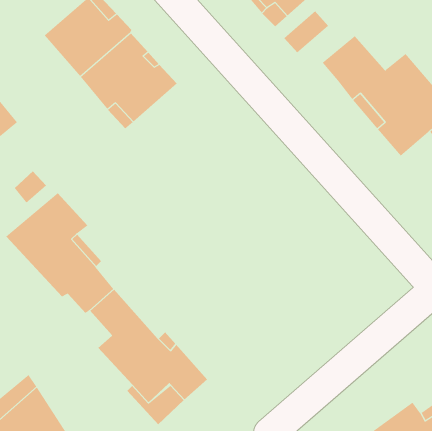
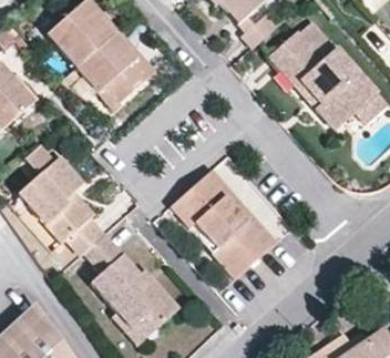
building: none -> [173,168,279,279]

